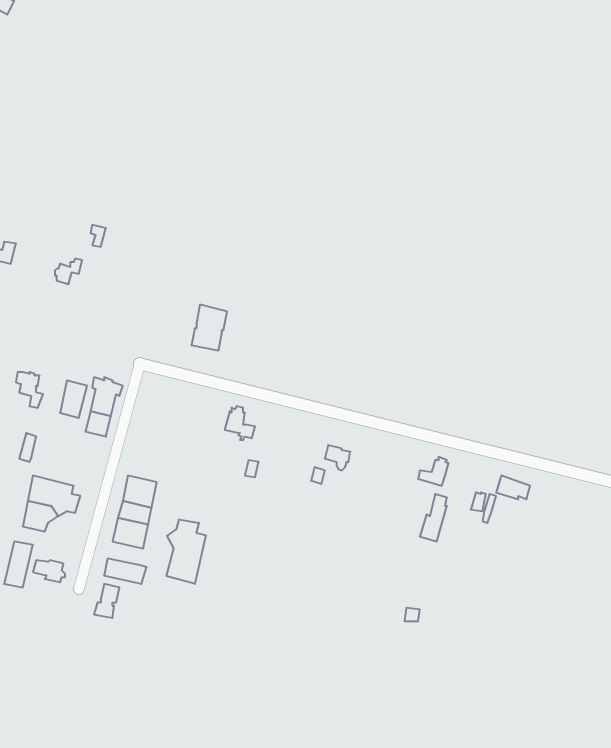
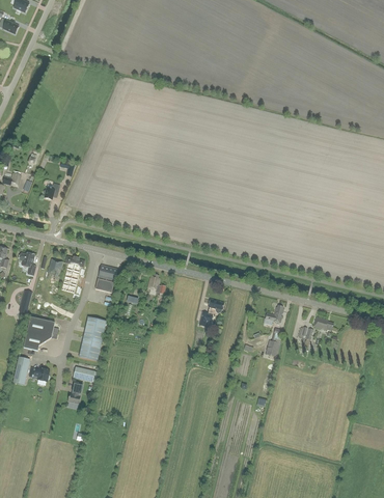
building: [191,305,227,350] -> [94,264,116,292]
building: [167,519,206,584] -> none

